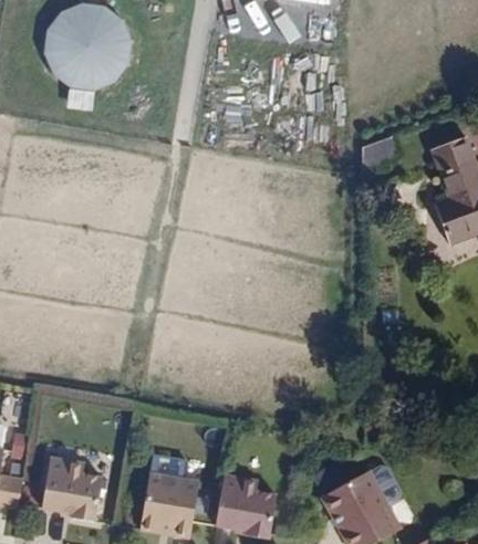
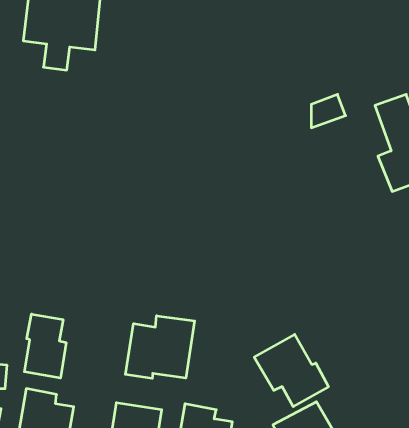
building: none -> [24,314,66,378]
building: none -> [125,316,195,378]
building: none -> [254,334,328,407]

